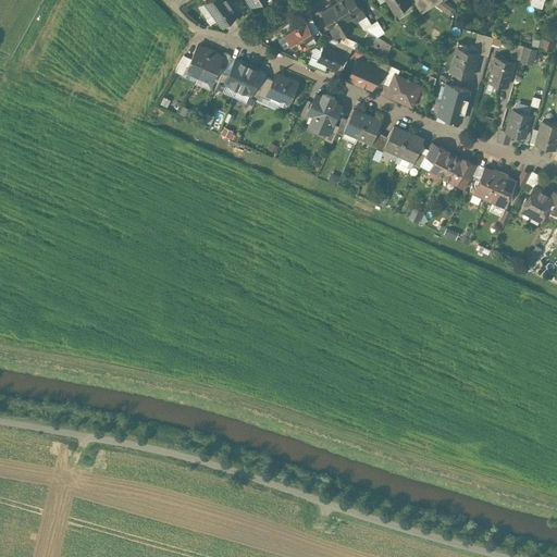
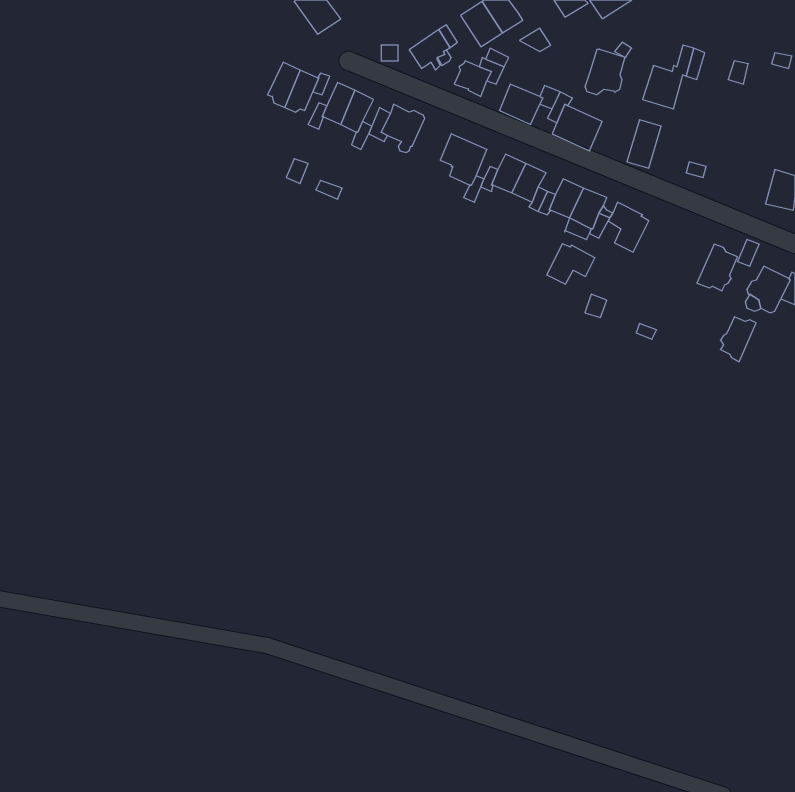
building: none -> [585,49,625,95]
building: [488,58,513,87] -> none
building: [506,111,530,137] -> none
building: [443,157,476,185] -> [547,244,595,284]
building: [474,169,499,200] -> [720,317,756,362]

